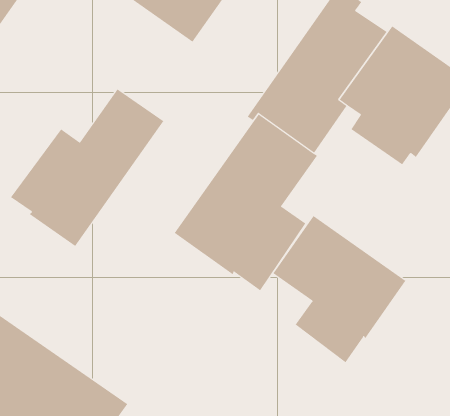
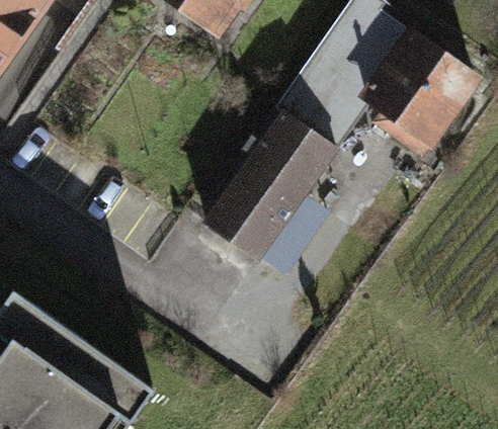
building: [10,89,164,247] -> none
building: [272,215,406,363] -> none

